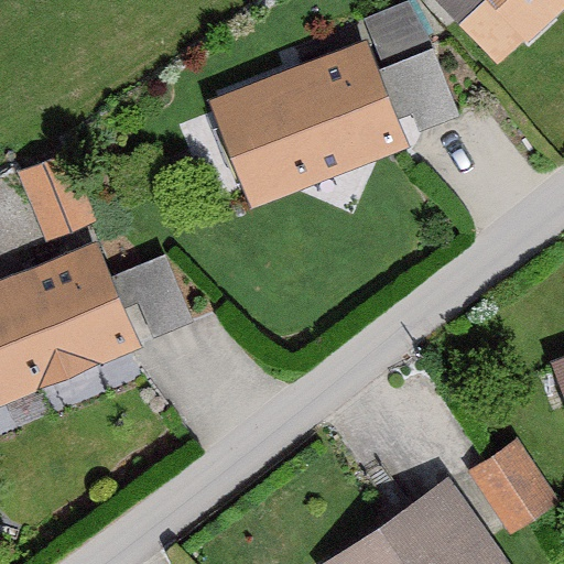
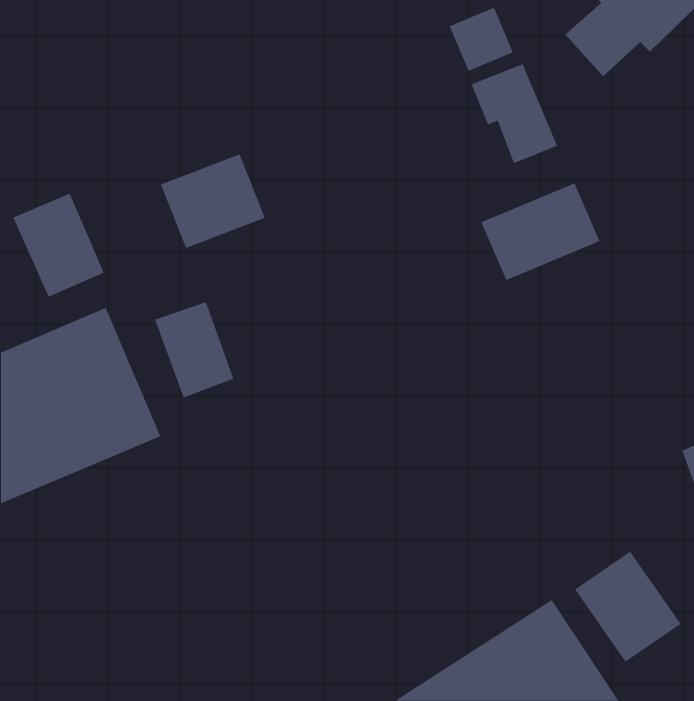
building: [209,39,409,209] -> none
building: none -> [160,153,266,249]
building: none -> [481,183,600,281]

